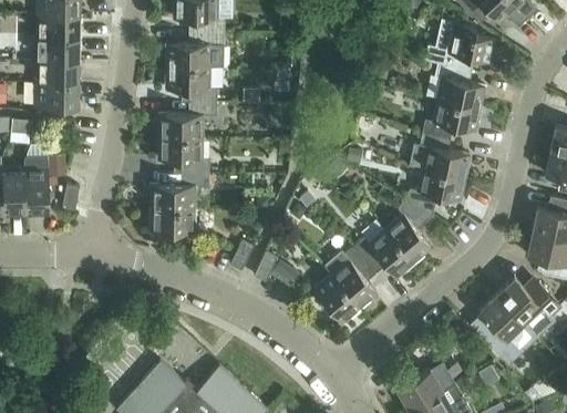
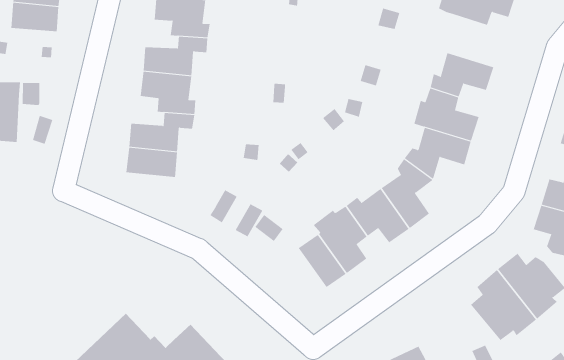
building: [435,64,485,110] -> none

